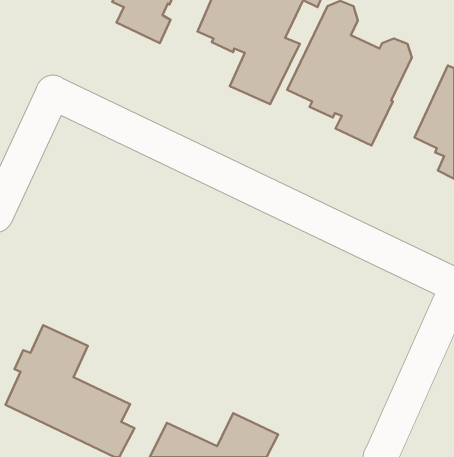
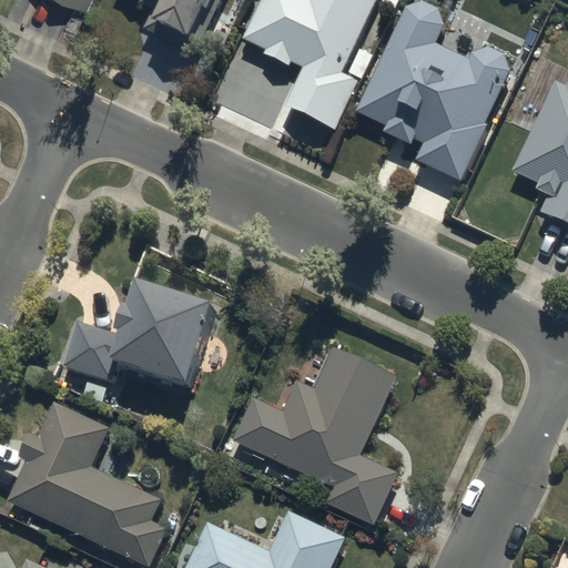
building: none -> [63,281,215,384]
building: none -> [233,344,397,526]

